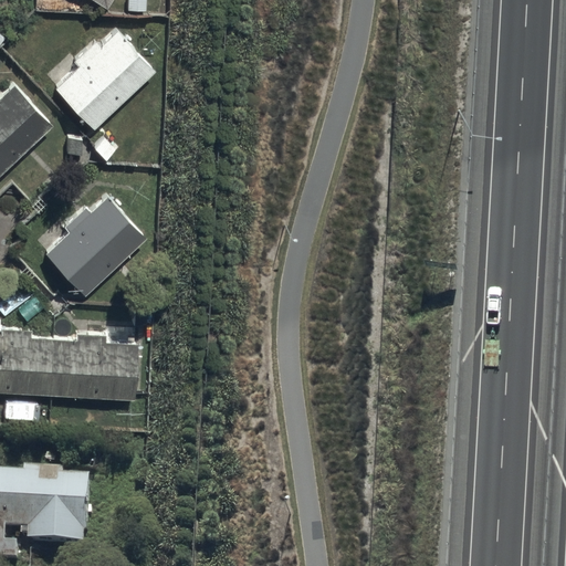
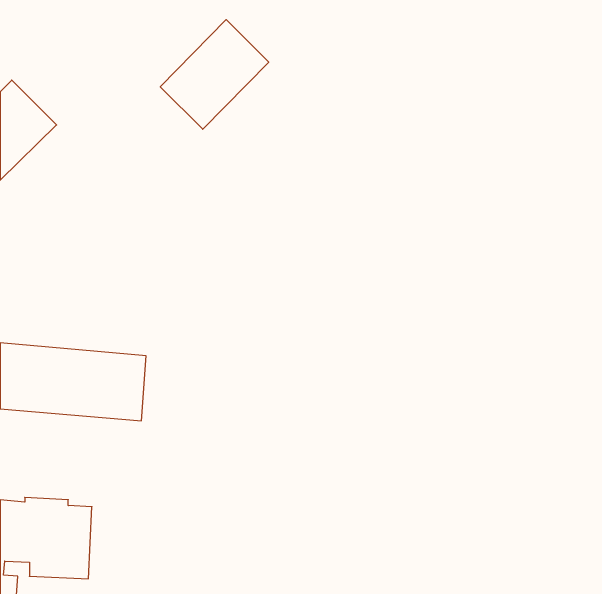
building: [51,29,153,132] -> [160,20,269,129]
building: [35,192,143,298] -> none

